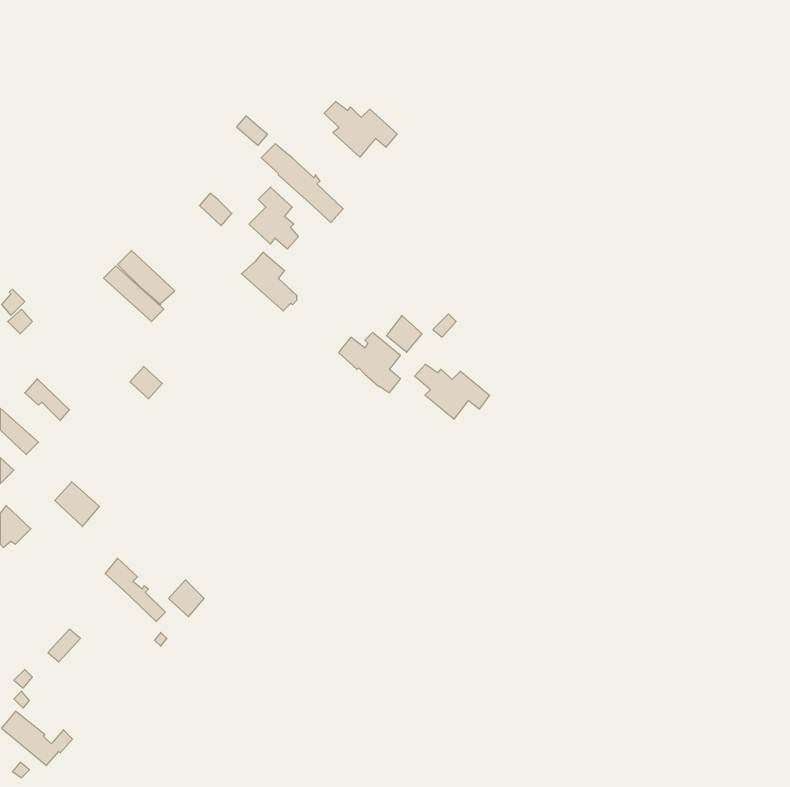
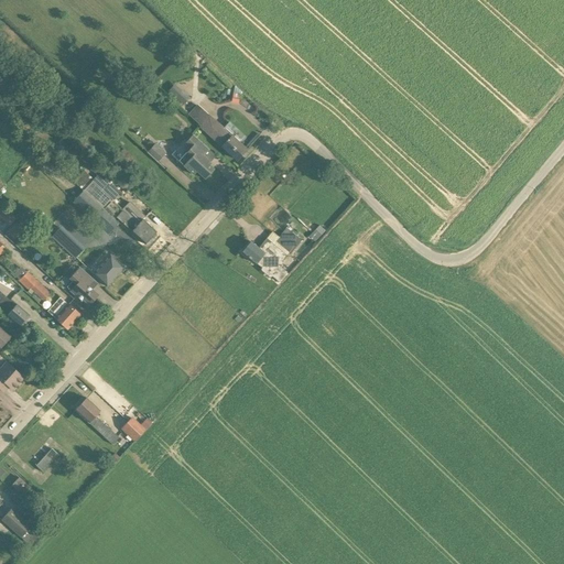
building: [324,101,397,157] -> none
building: [241,252,297,311] -> [115,200,154,242]
building: none -> [53,210,94,257]
building: [415,364,490,419] -> none
building: none -> [67,265,97,303]
building: [55,482,100,527] -> [47,296,79,328]

